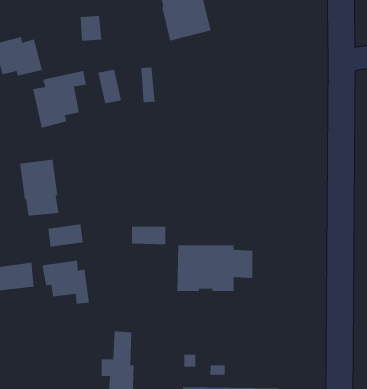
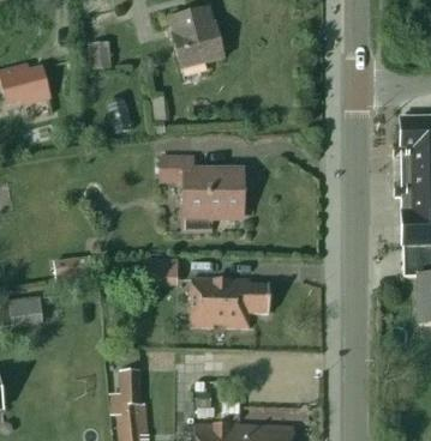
building: [33,70,86,128] -> none
building: none -> [161,156,243,230]
building: [20,159,59,217] -> none
building: [42,260,90,305] -> none

